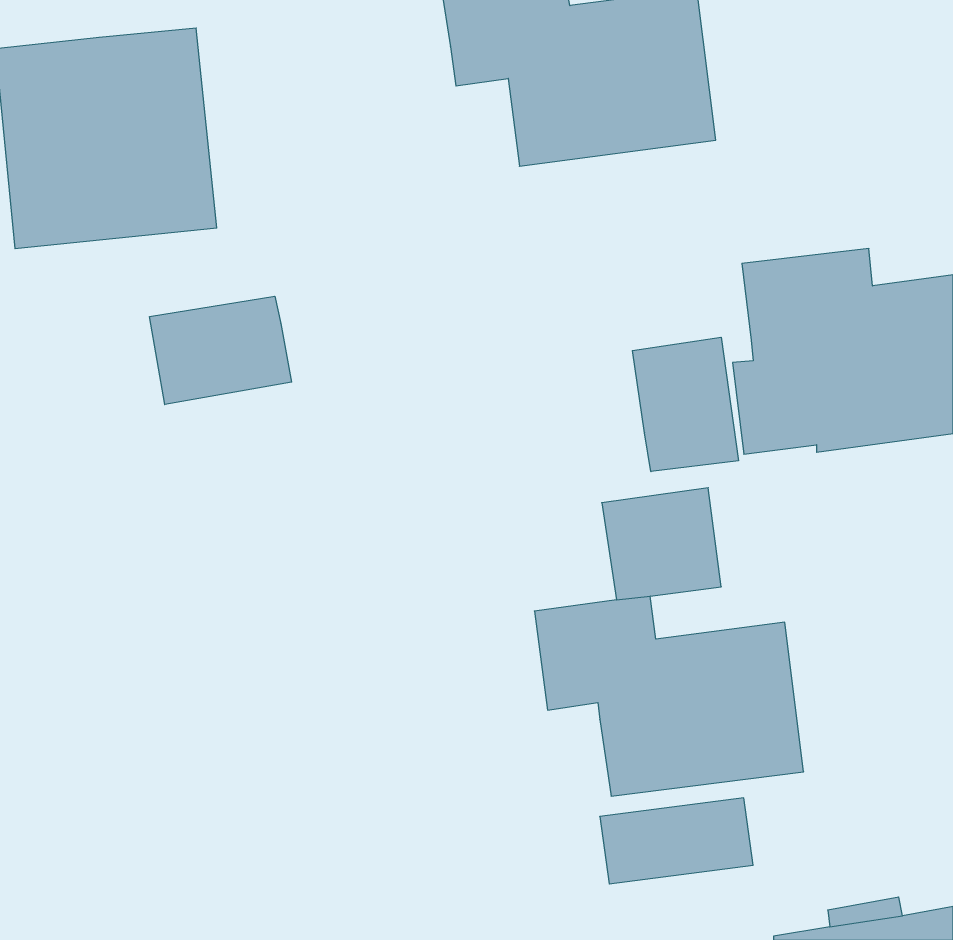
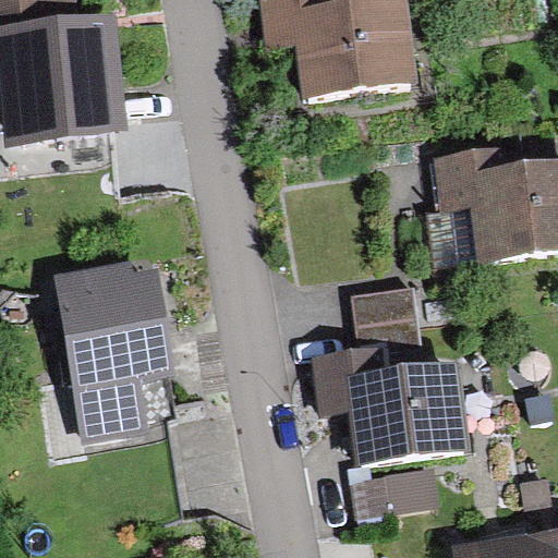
building: [150,296,292,405] -> none
building: [632,337,738,472] -> none
building: none -> [54,262,177,440]

